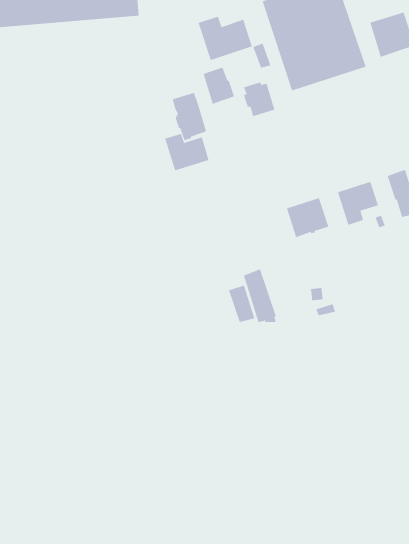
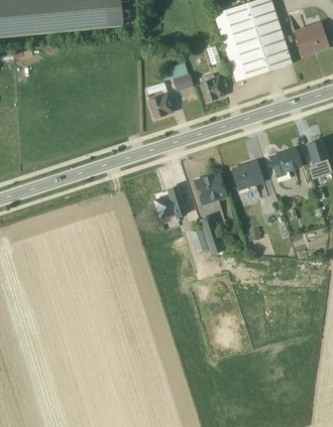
building: [198,16,252,61] -> none
building: [165,133,209,171] -> none
building: none -> [194,173,226,205]
building: none -> [154,186,185,225]

